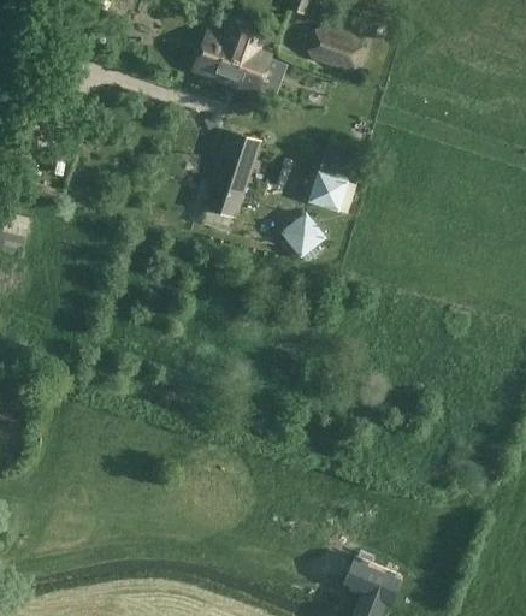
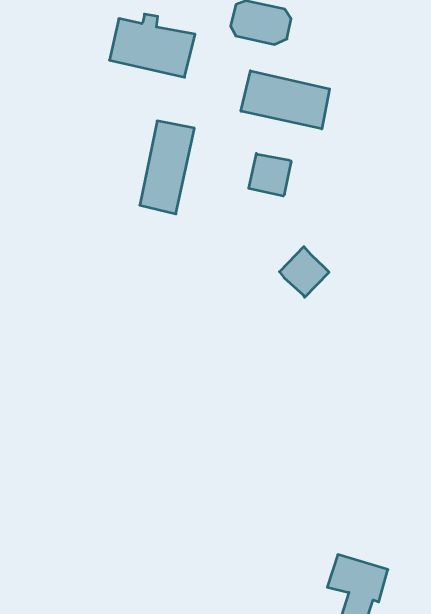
building: none -> [241,71,330,129]
building: [279,212,325,259] -> [279,247,329,297]

